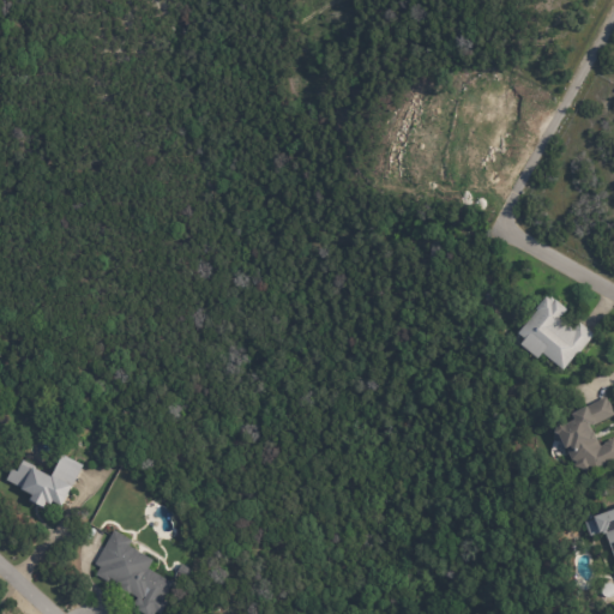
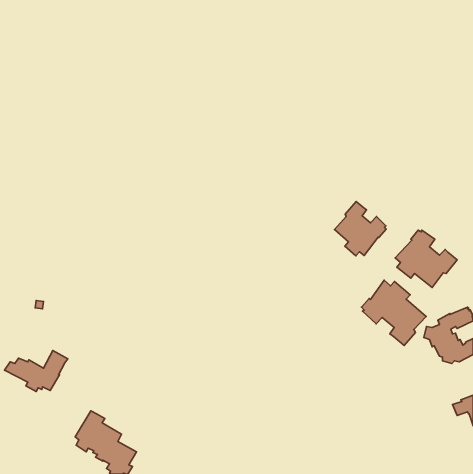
building: none -> [334,201,386,256]
building: none -> [362,280,426,345]

